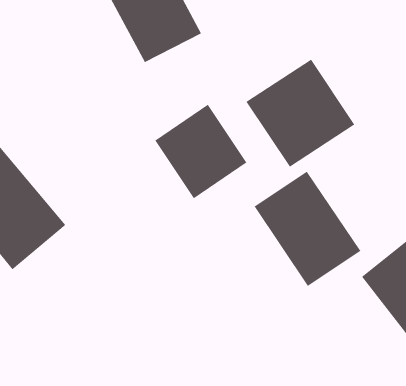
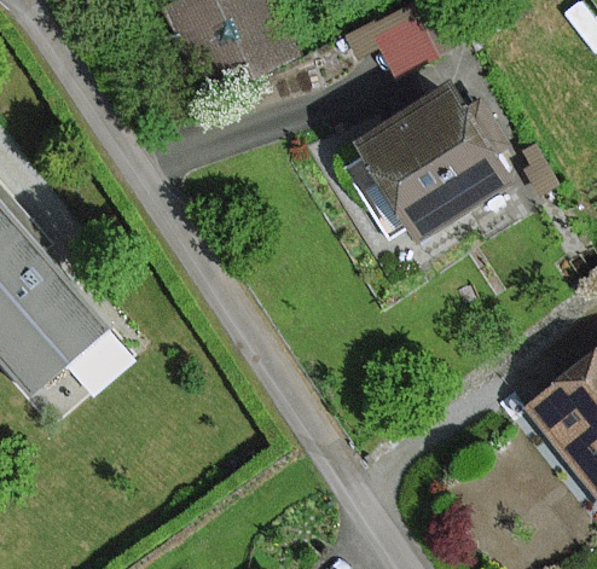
building: [154,104,247,199] -> none
building: [254,171,361,287] -> none

